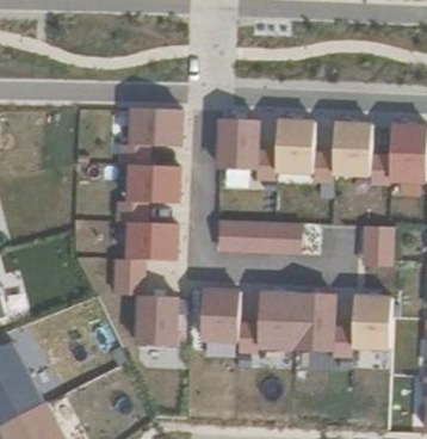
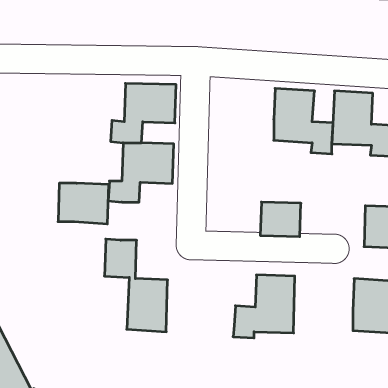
building: [218,110,276,173] -> none
building: [223,219,264,254] -> none
building: [128,222,177,261] -> [58,183,109,224]
building: [200,290,240,341] -> none
building: [295,293,352,358] -> none

